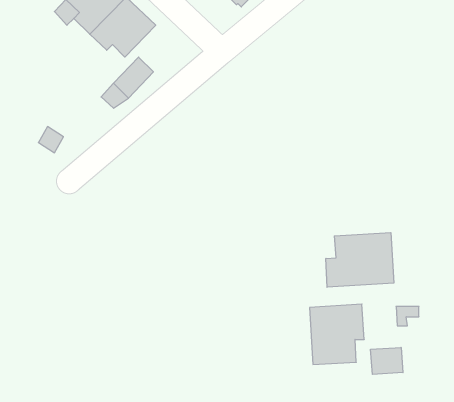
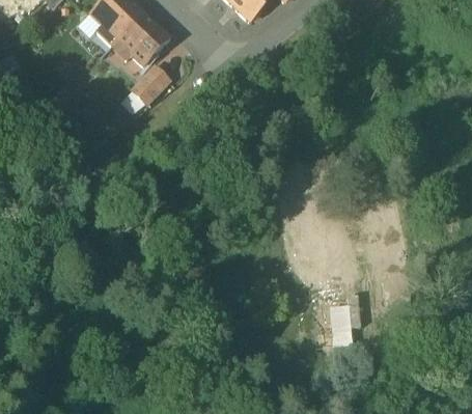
building: [326,233,394,287] -> none
building: [371,347,403,374] -> none

